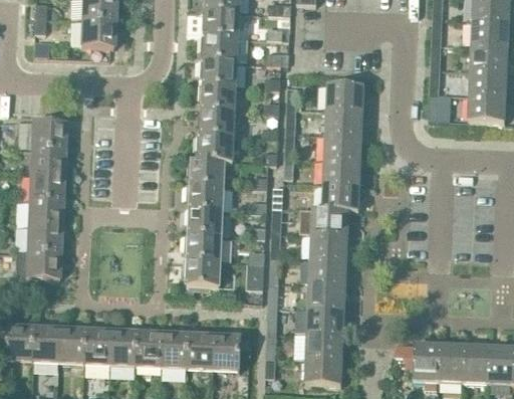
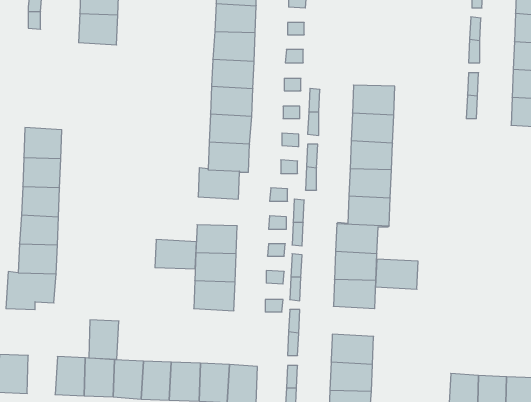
building: [187,183,224,209] -> [155,240,196,269]
building: [308,281,346,309] -> [376,259,418,289]
building: [34,326,61,361] -> [89,320,119,359]

